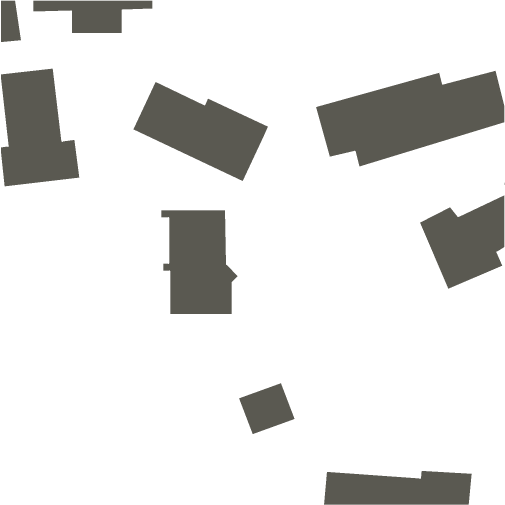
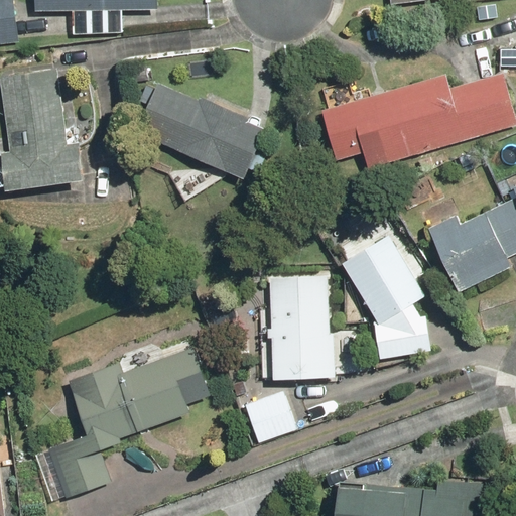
building: none -> [319,213,432,360]
building: [160,210,239,315] -> [261,275,341,382]
building: none -> [36,348,213,504]

